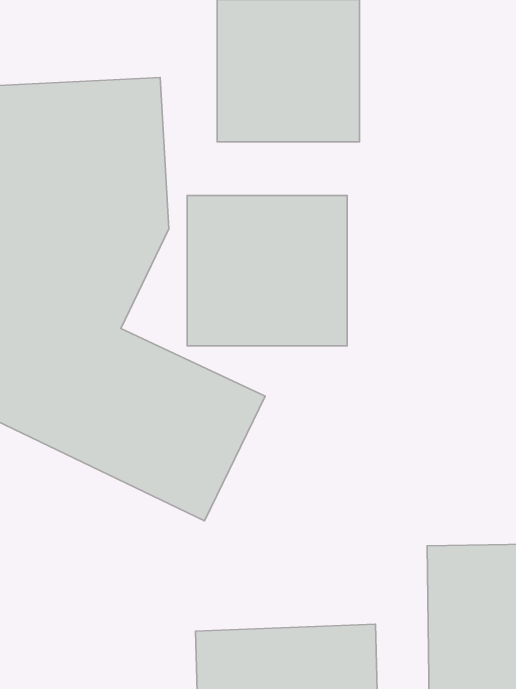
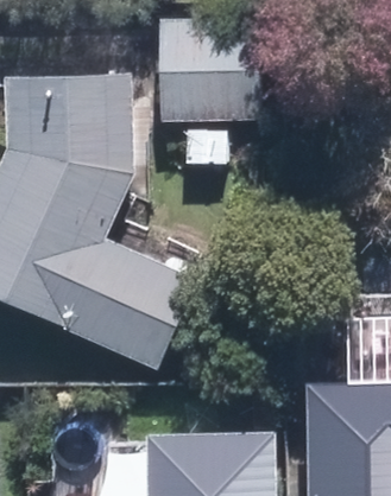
building: [187,196,347,346] -> none

